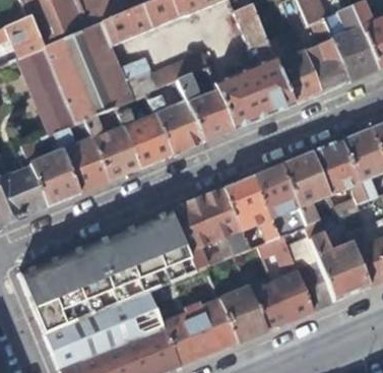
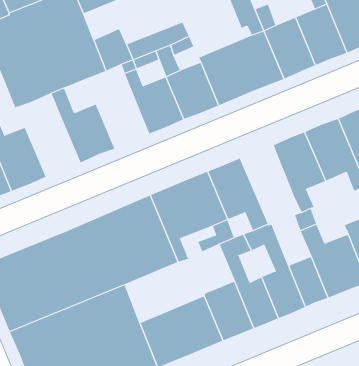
building: [114,99,171,167] -> none
building: [52,125,109,192] -> none
building: [253,164,301,236] -> none

